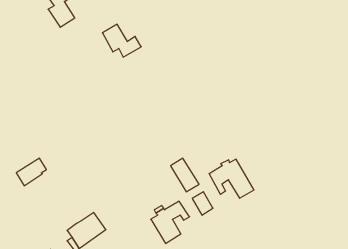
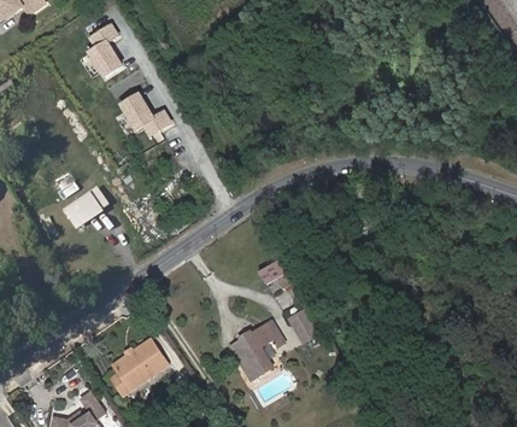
building: [102,24,141,57] -> [119,93,174,139]
building: [16,158,46,186] -> [61,188,104,227]
building: [209,159,254,198] -> none

